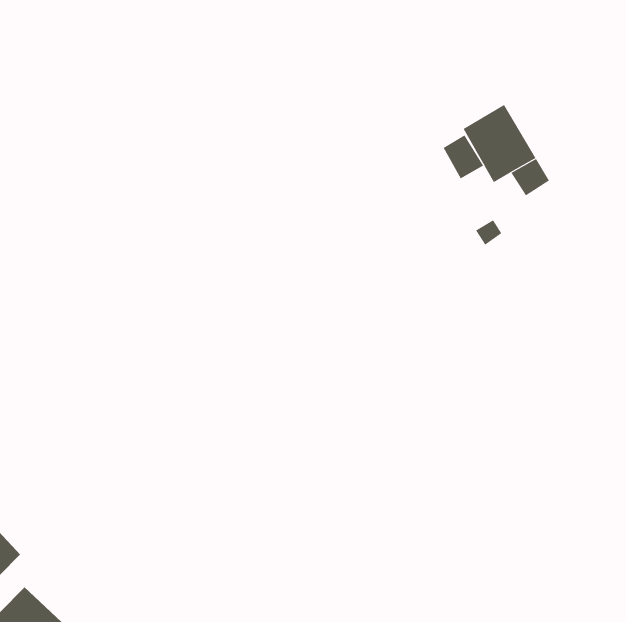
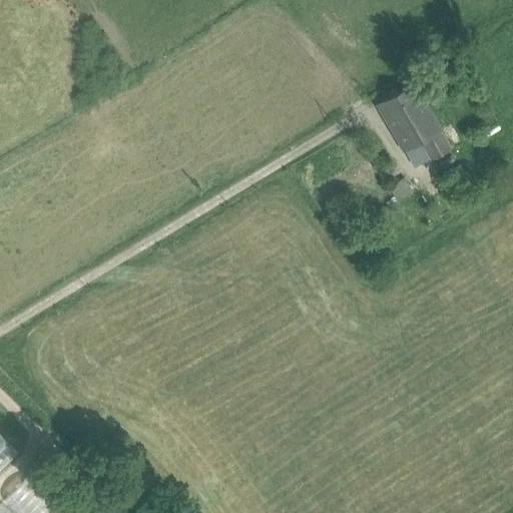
building: [443,135,484,179] -> none

